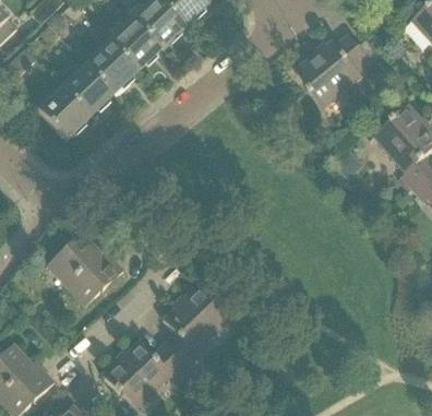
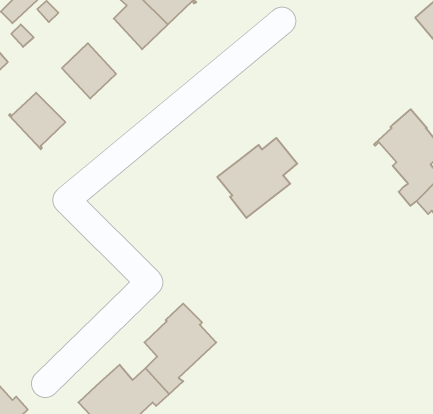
building: [110,19,160,70] -> none
building: [296,33,370,107] -> [217,138,297,218]
building: [62,64,112,115] -> none
building: [47,231,123,306] -> none

